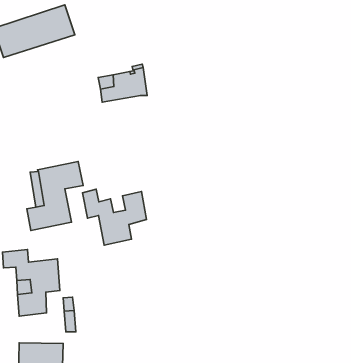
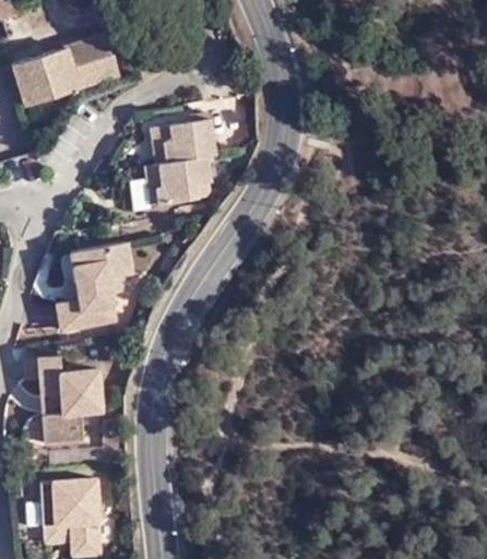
building: none -> [146,156,210,207]
building: [82,189,147,245] -> none

